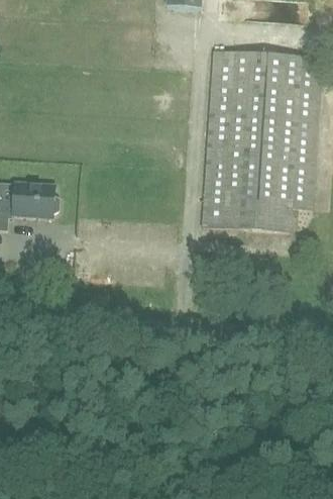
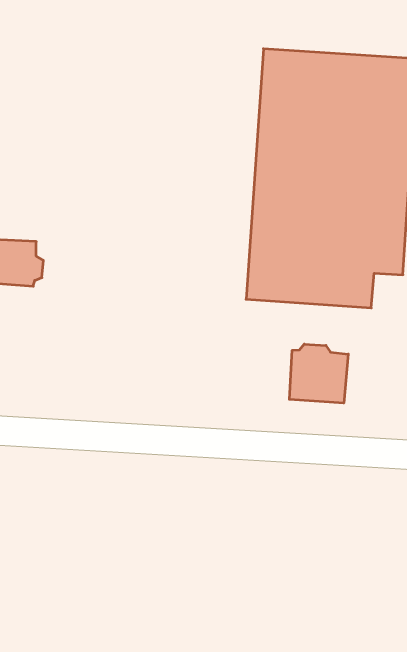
building: none -> [289,344,348,403]

